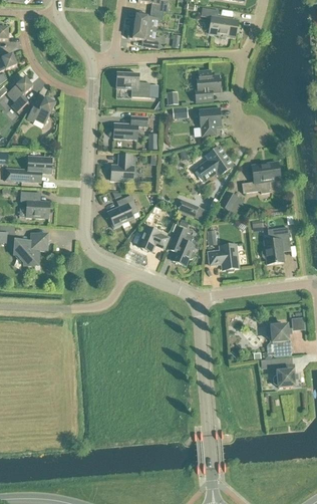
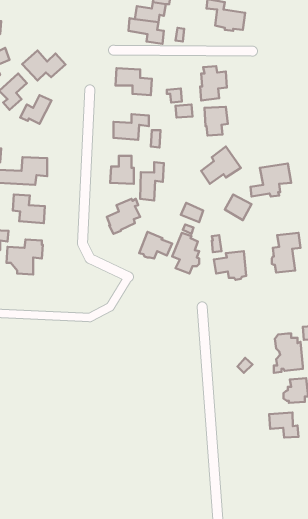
building: none -> [22,50,65,81]
building: none -> [140,162,164,200]
building: none -> [269,413,298,437]

